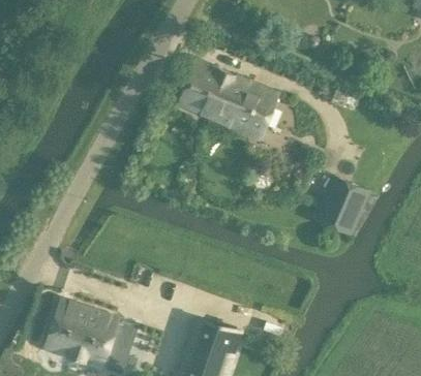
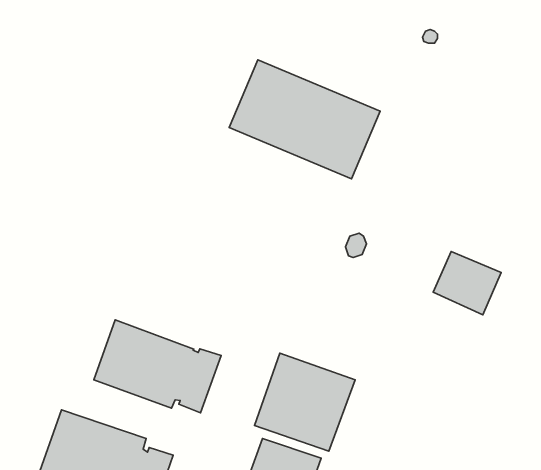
building: none -> [94,320,221,413]
building: none -> [255,353,355,451]

